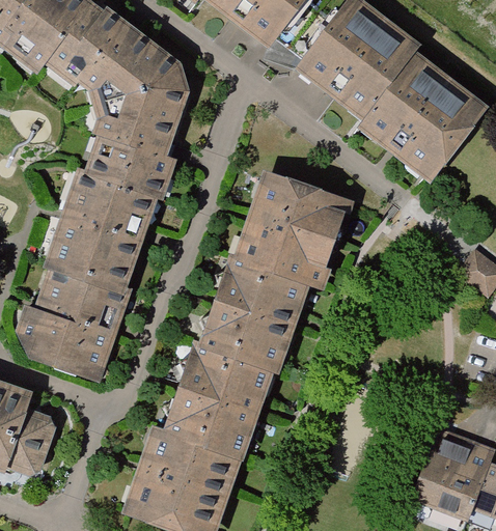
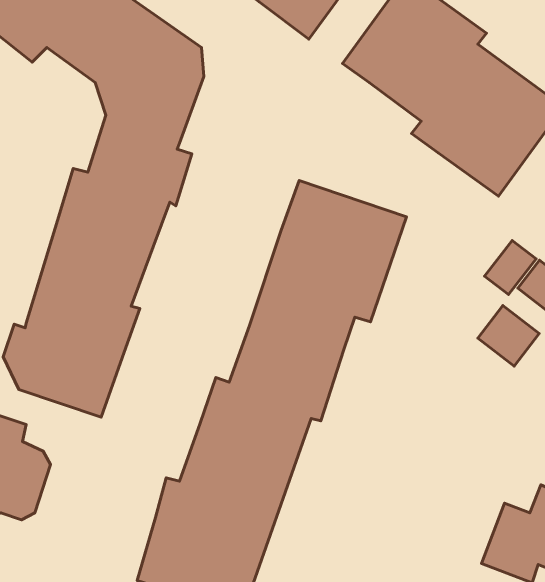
building: none -> [485,241,536,294]
building: none -> [478,305,539,366]

